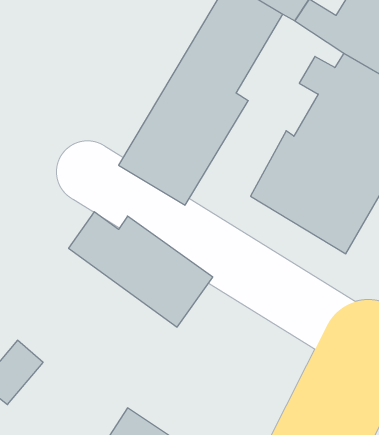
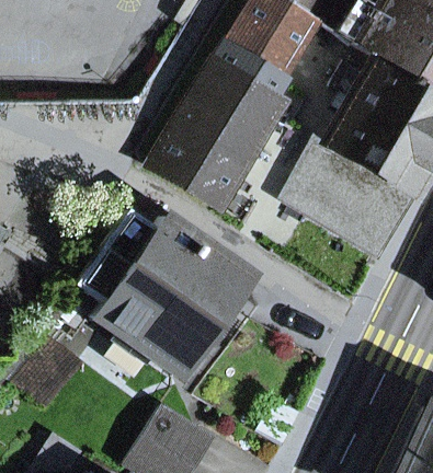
building: none -> [79,251,212,378]

